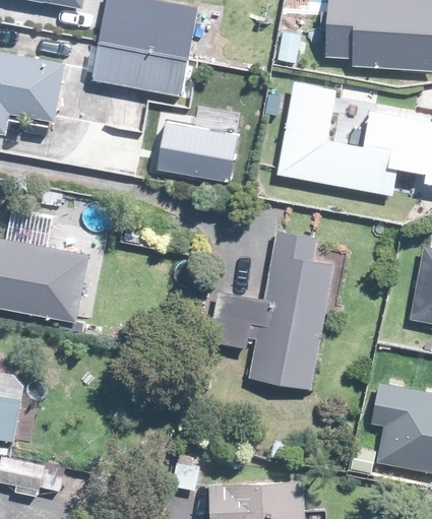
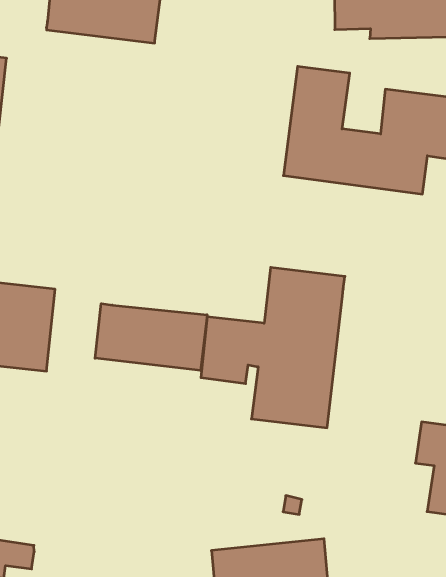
building: [90,44,186,95] -> none
building: [168,127,245,182] -> none
building: none -> [95,304,207,371]

